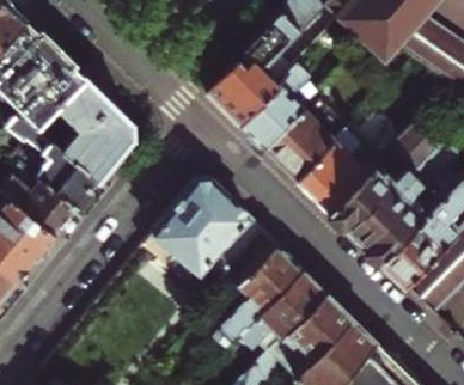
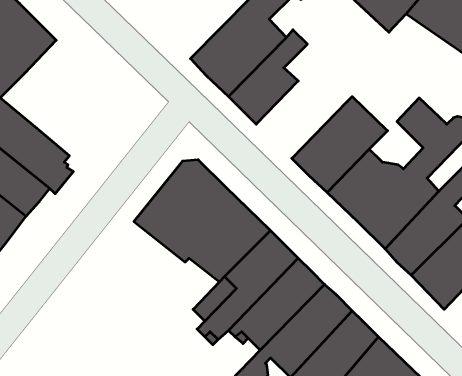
building: [55,72,136,179] -> none
building: [265,91,348,179] -> none

